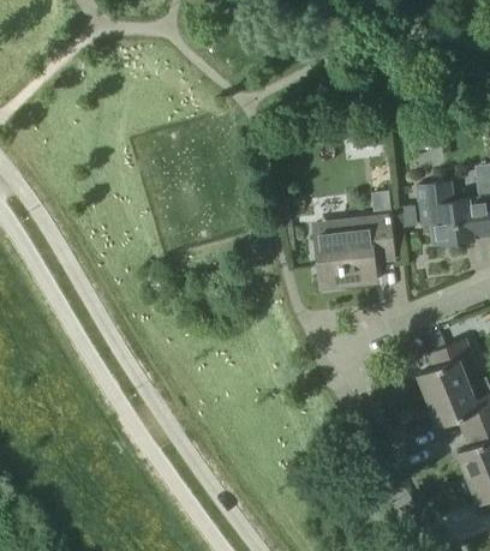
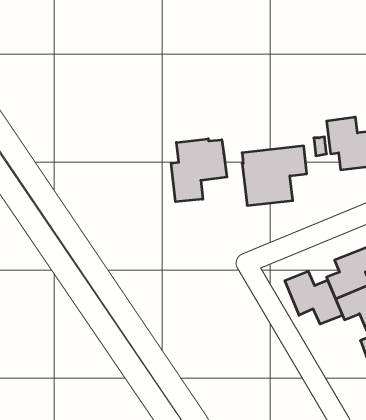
building: none -> [171,139,227,202]
building: none -> [285,271,343,324]

